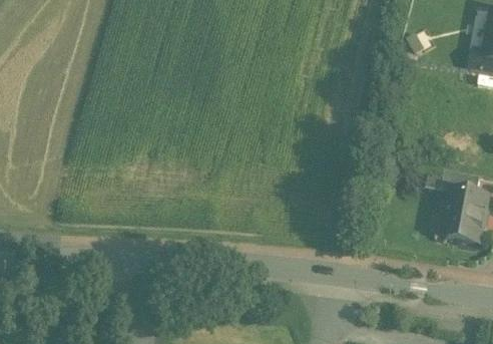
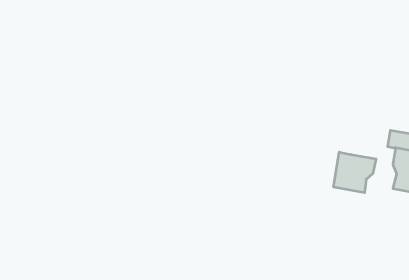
building: none -> [334,152,376,193]

